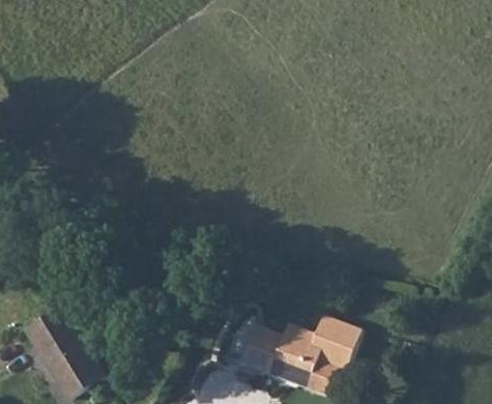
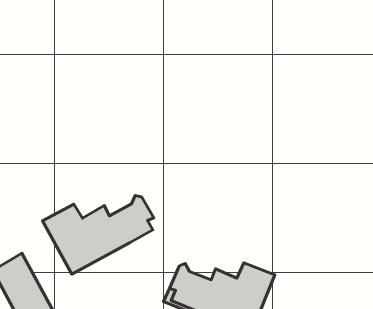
building: none -> [42,196,154,274]

